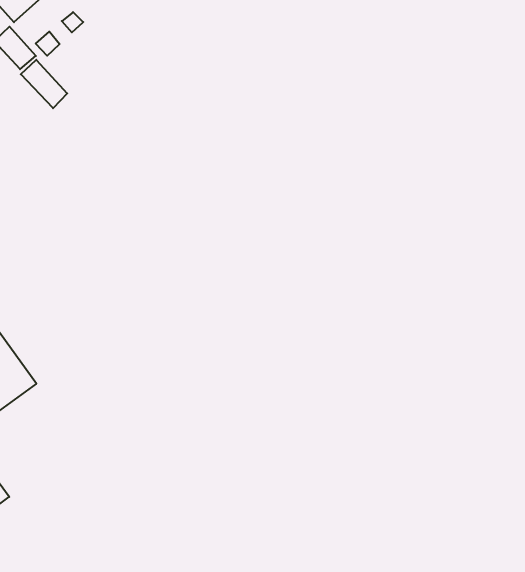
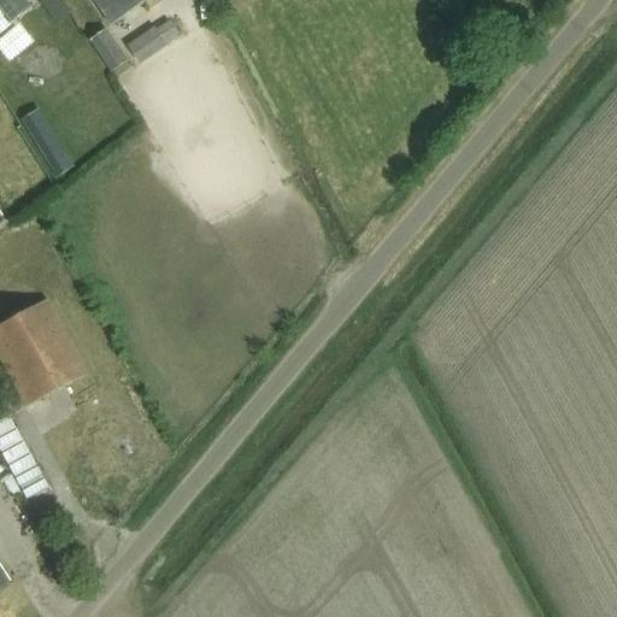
building: [21,60,67,108] -> none

